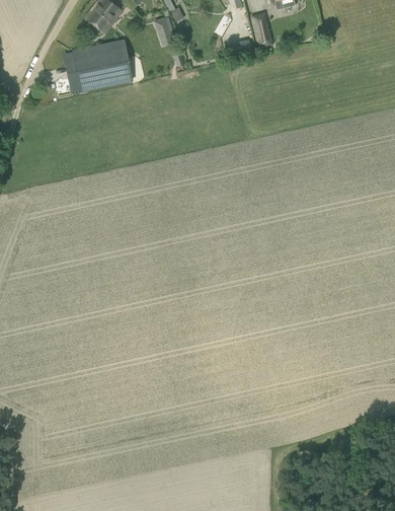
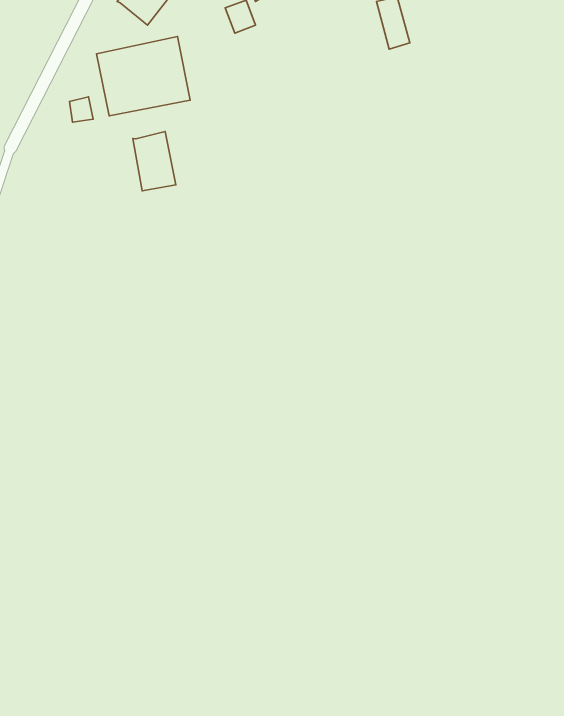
building: none -> [133,132,176,191]

